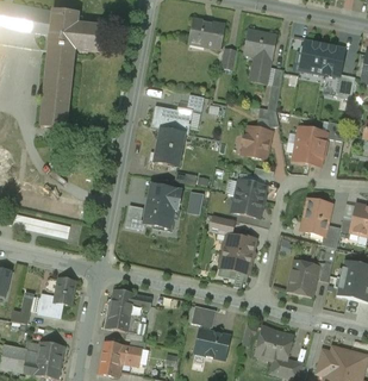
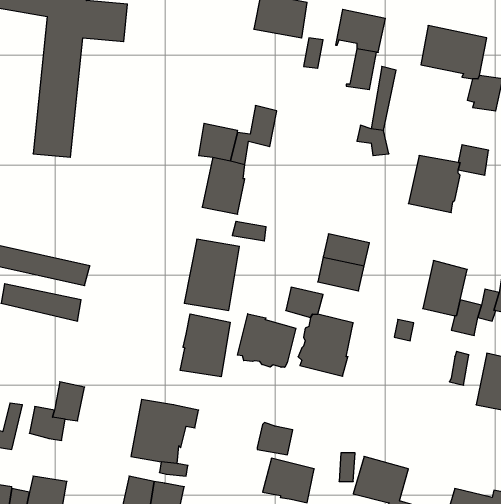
building: [242,126,270,160] -> none
building: none -> [237,314,296,367]
building: none -> [180,314,230,377]
building: [288,260,318,295] -> none

